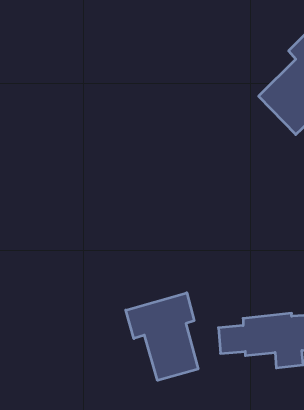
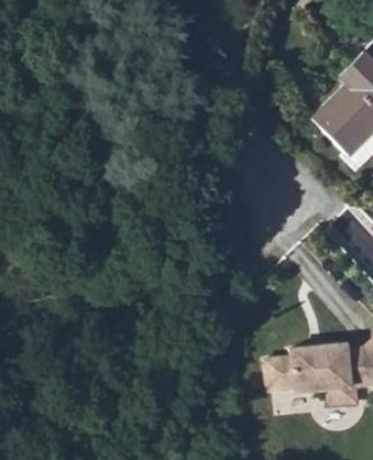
building: [126,293,198,380] -> none

